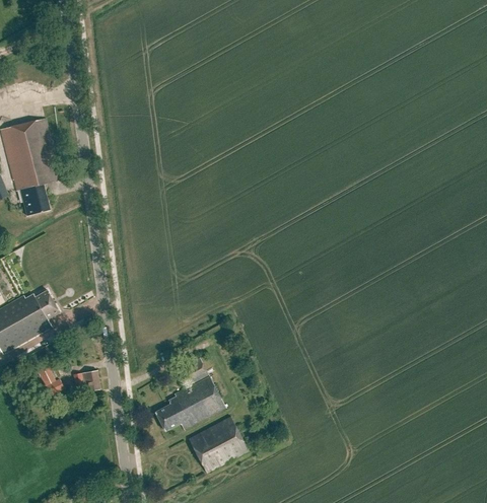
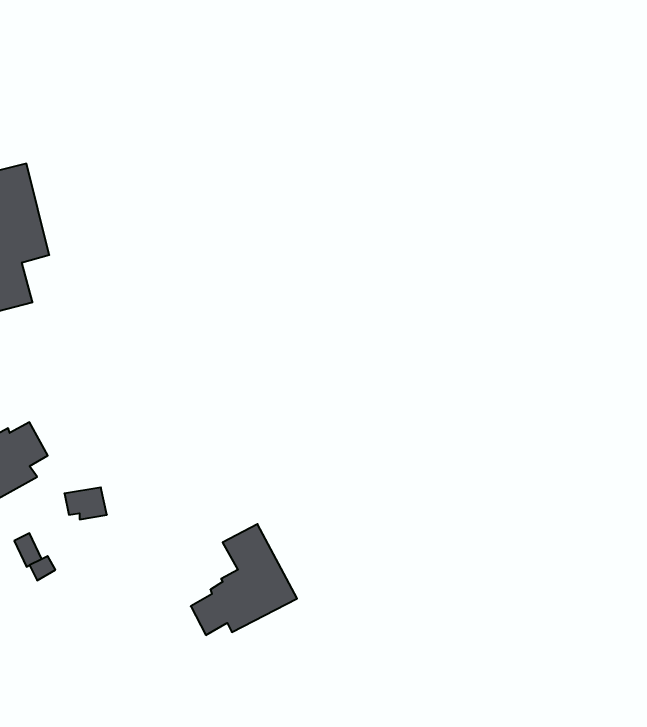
building: [72,370,100,391] -> [64,487,107,519]
building: [188,417,248,473] -> none

